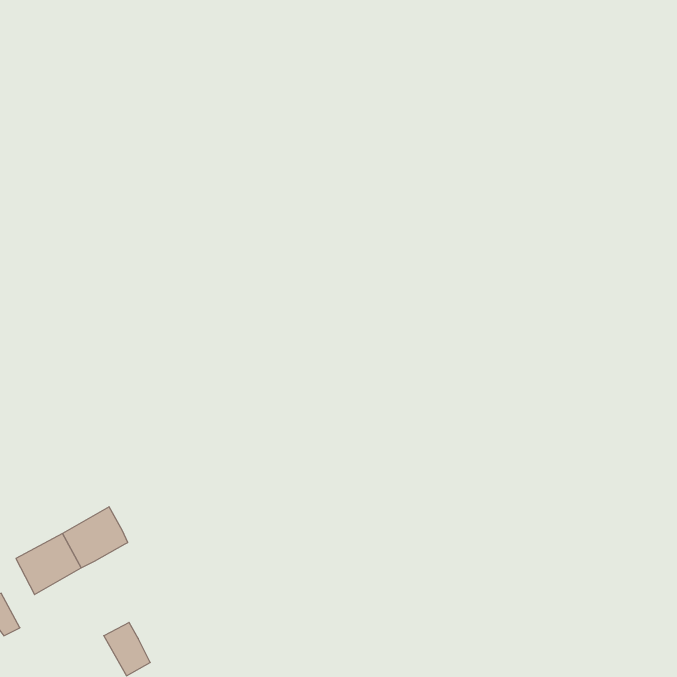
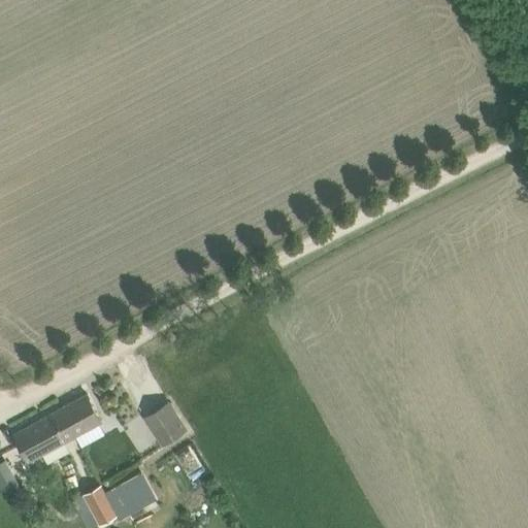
building: none -> [143,403,184,444]
building: none -> [107,477,156,522]

